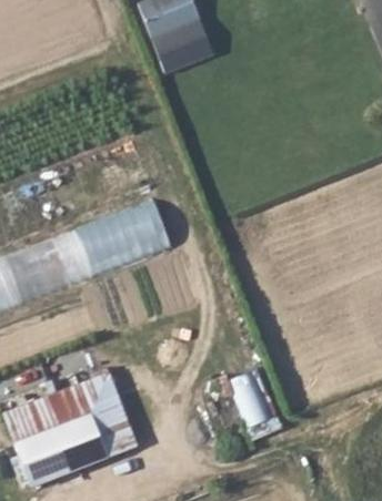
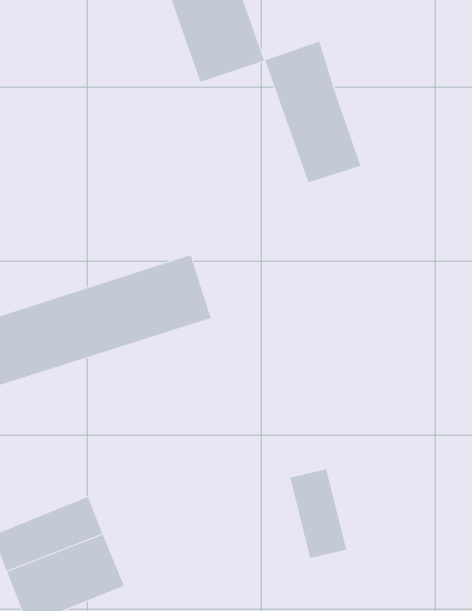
building: none -> [265,41,361,183]
building: [77,376,133,456] -> none

